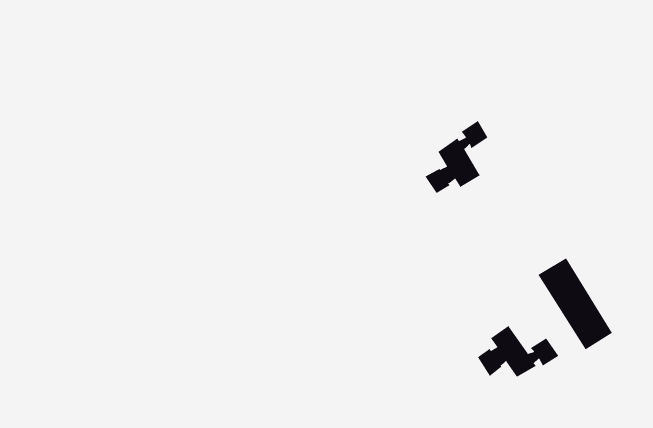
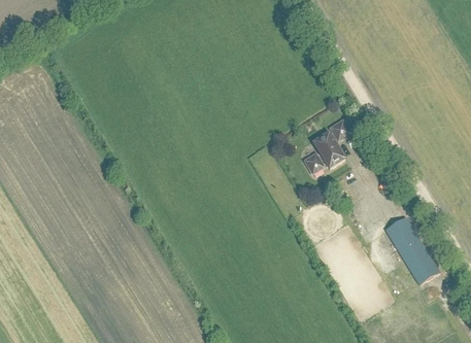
building: [477,325,559,378] -> none

